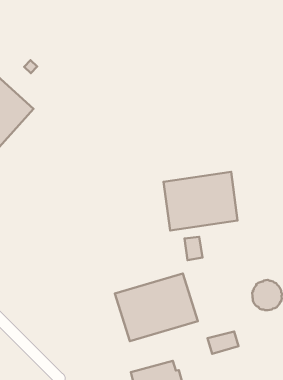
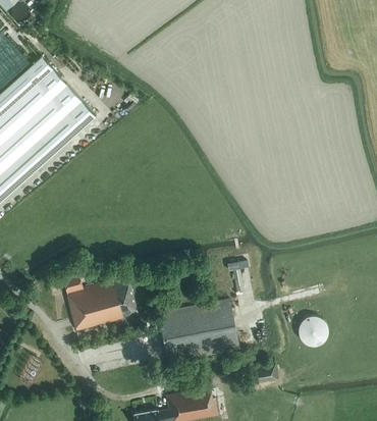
building: [164,172,237,230] -> none
building: none -> [63,274,138,330]

